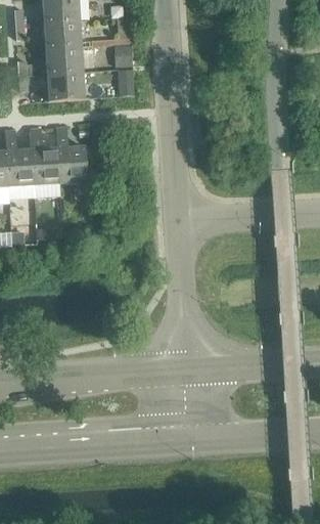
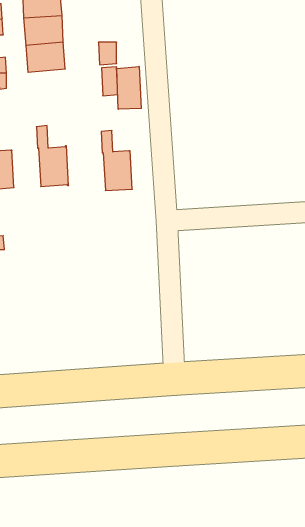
building: none -> [117,66,141,109]
building: [47,71,85,100] -> none
building: [30,127,59,184] -> [101,131,132,190]

